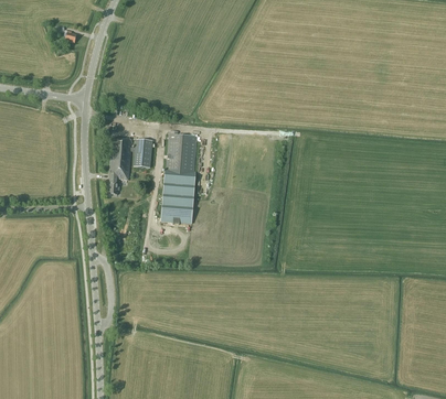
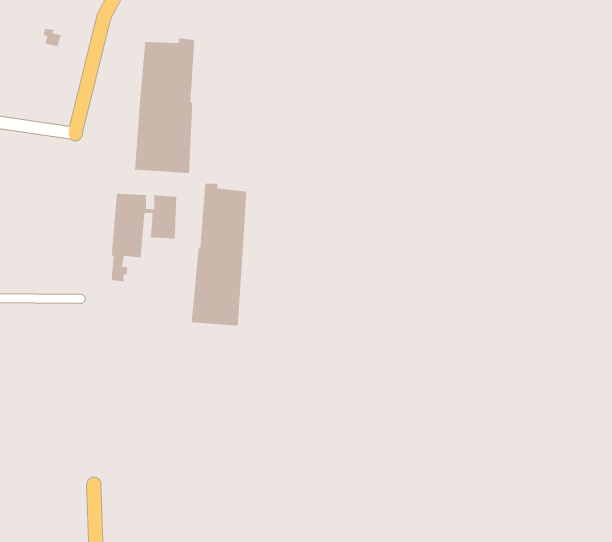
building: none -> [134,38,195,174]

